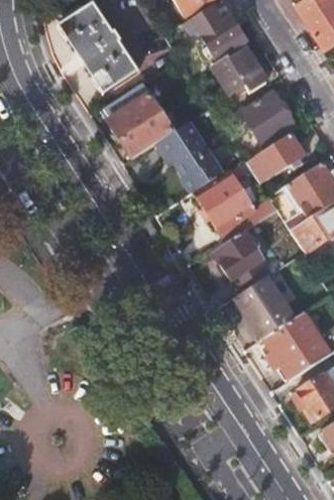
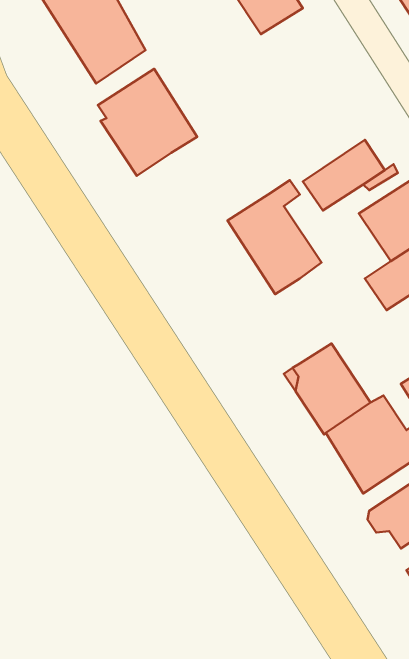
building: [222,46,266,92] -> none
building: [242,91,297,147] -> none
building: [154,121,222,193] -> none
building: [211,230,269,289] -> none

